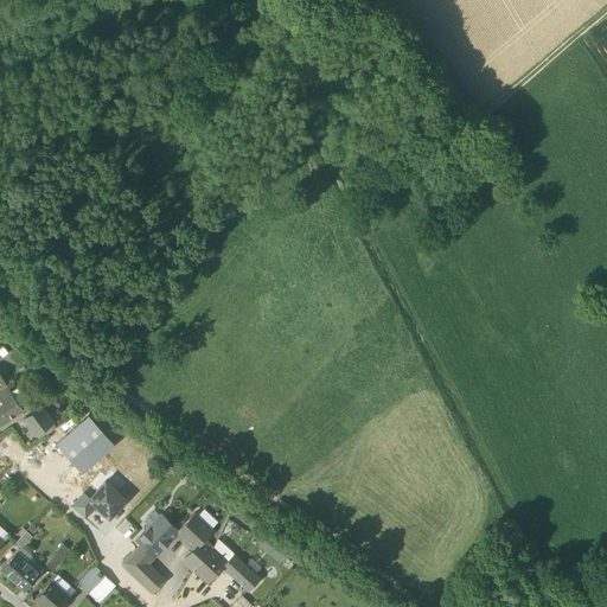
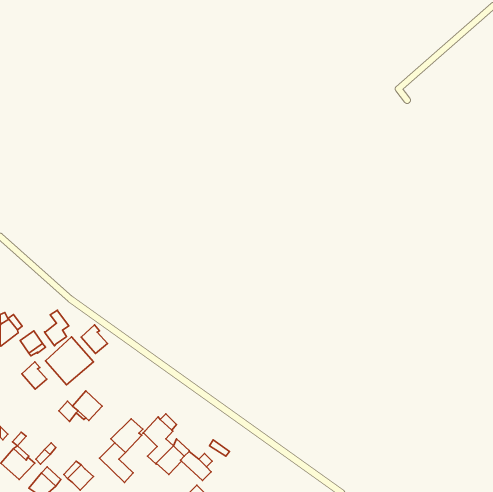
building: none -> [44,310,69,346]
building: none -> [81,325,107,353]
building: none -> [22,362,47,389]

